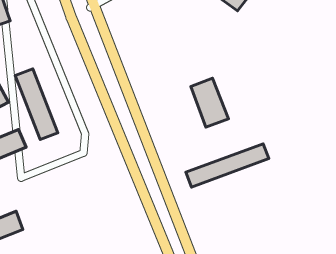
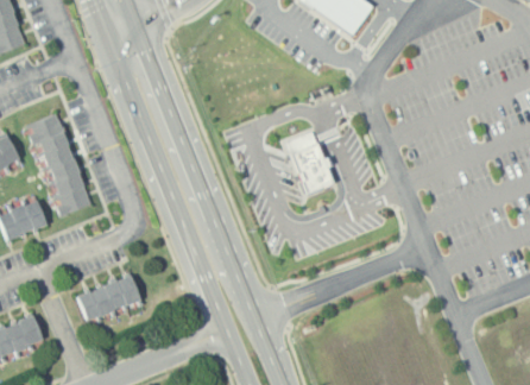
building: [186,144,269,187] -> none
building: none -> [75,276,138,322]

